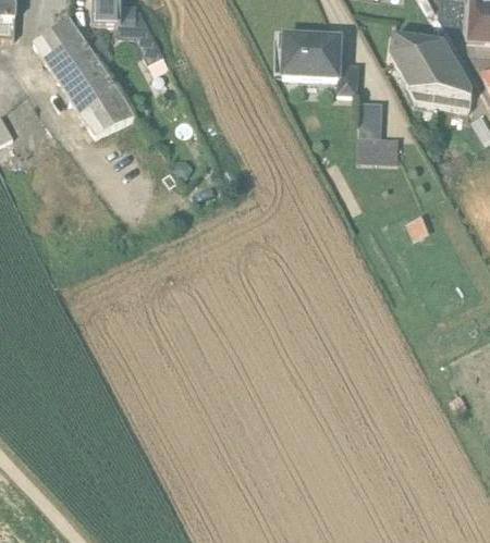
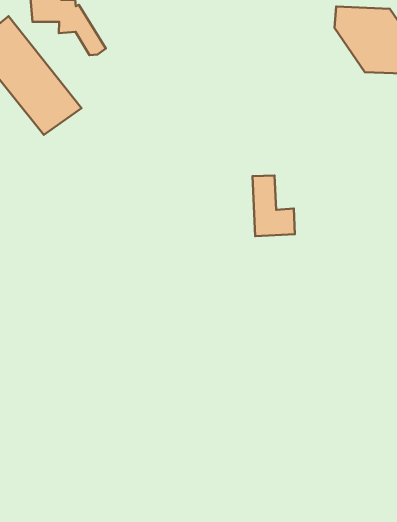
building: [282,34,358,94] -> none
building: [357,100,397,160] -> [252,175,295,236]

